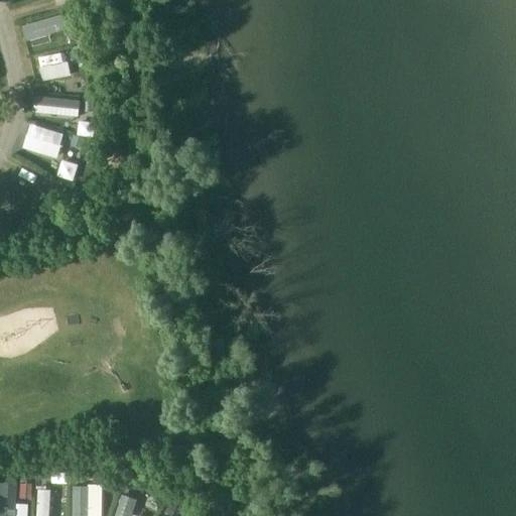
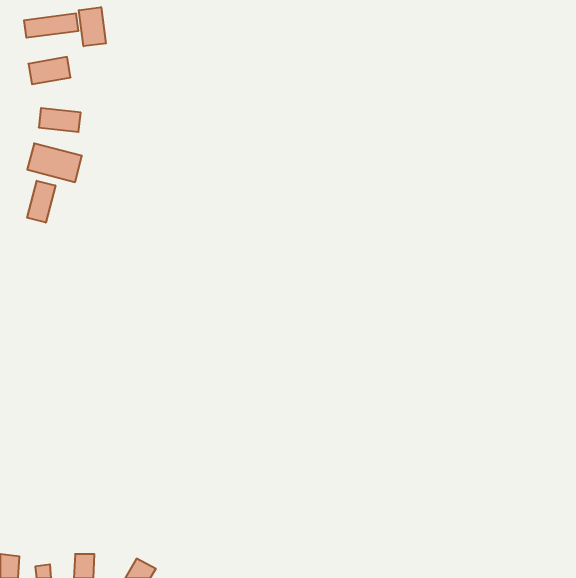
building: none -> [79,7,106,46]
building: none -> [27,181,55,223]

